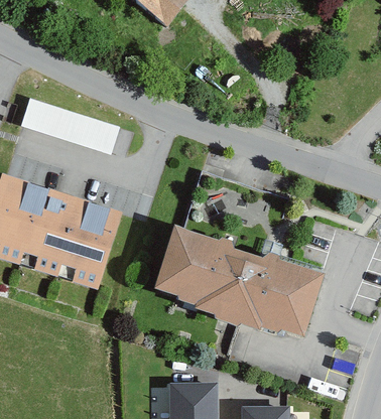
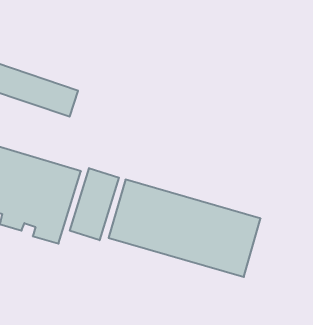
building: none -> [70,168,119,240]

